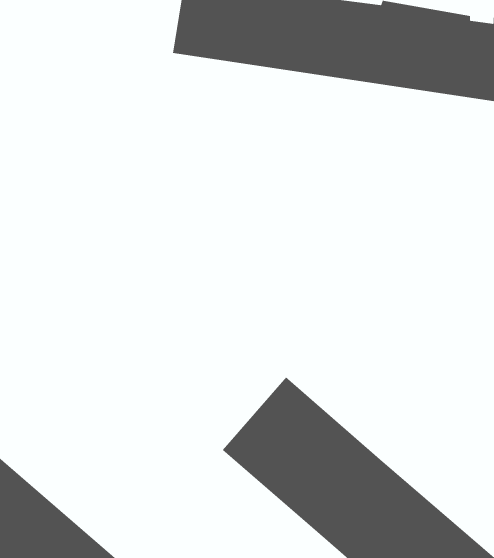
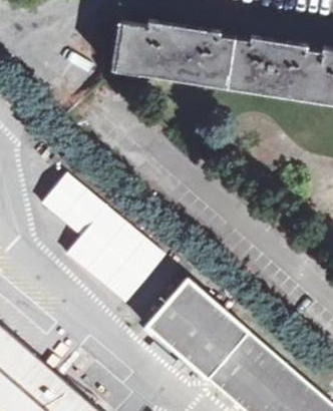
building: none -> [40,173,168,306]

